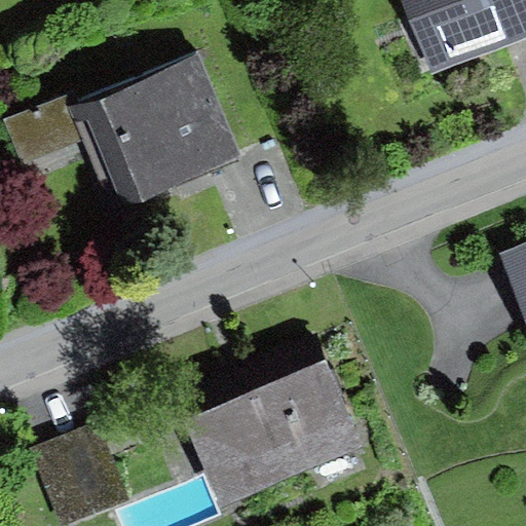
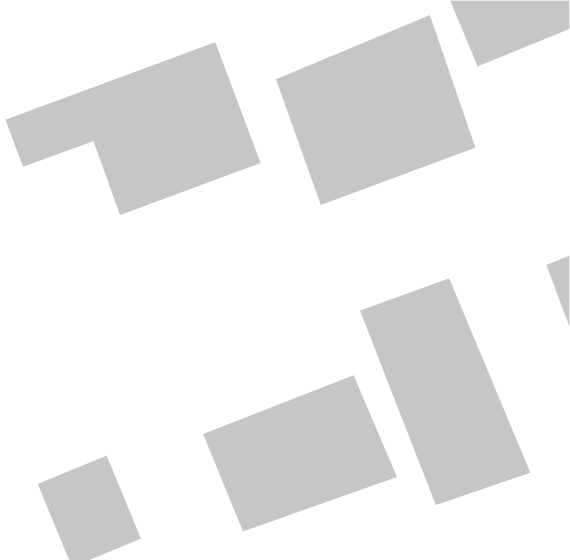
building: none -> [275,14,476,206]
building: none -> [359,278,531,506]

